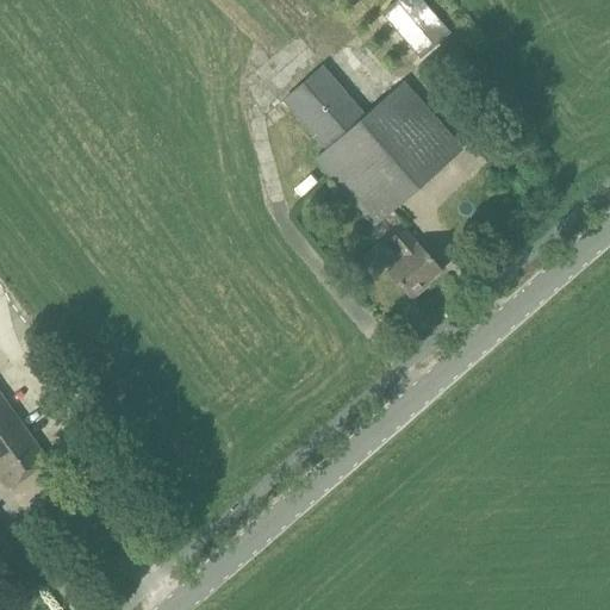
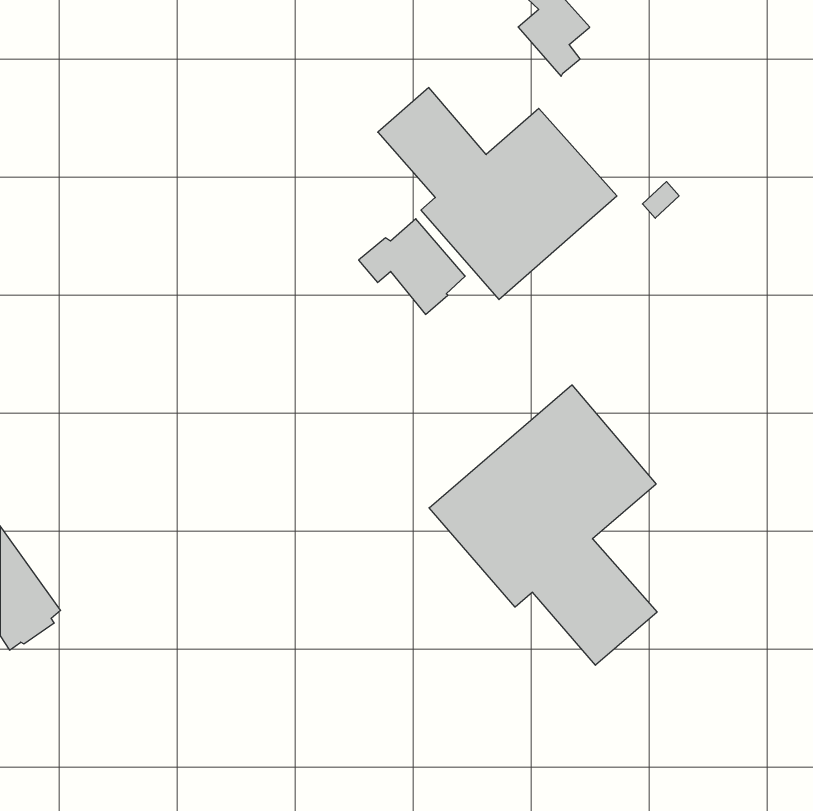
building: [361,226,441,298] -> [359,219,465,314]
building: none -> [429,385,657,665]

